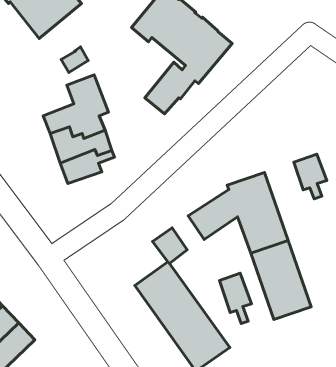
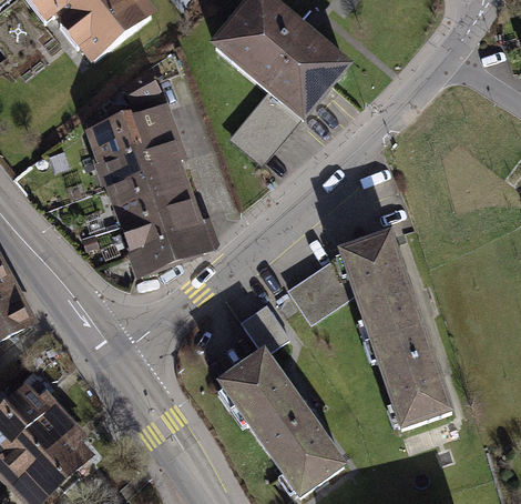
building: none -> [88,113,140,160]
building: [294,154,327,199] -> none
building: none -> [132,214,214,272]
building: [220,273,252,324] -> none

